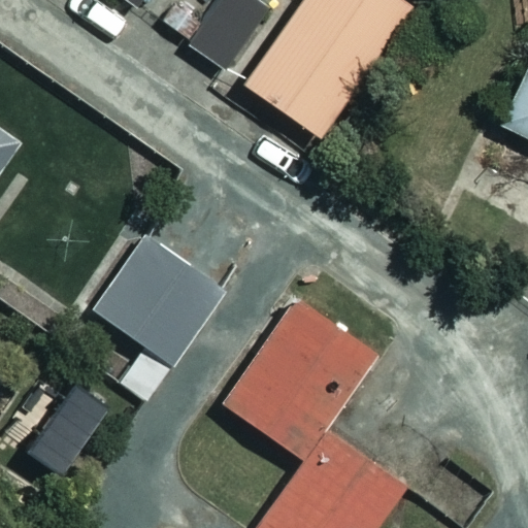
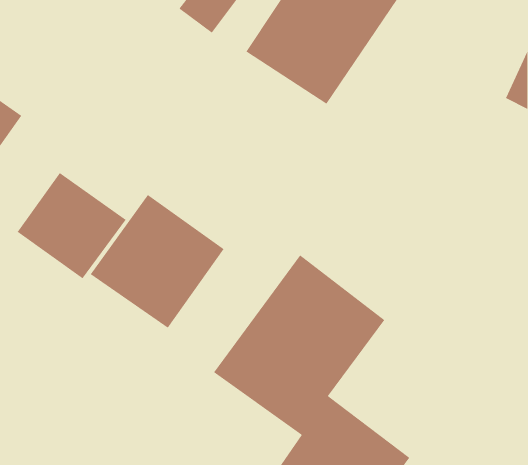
building: none -> [17,172,126,279]

